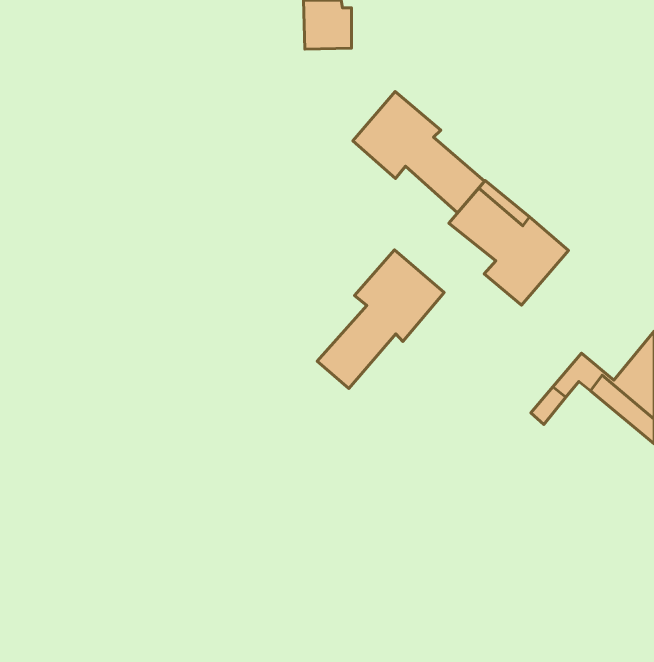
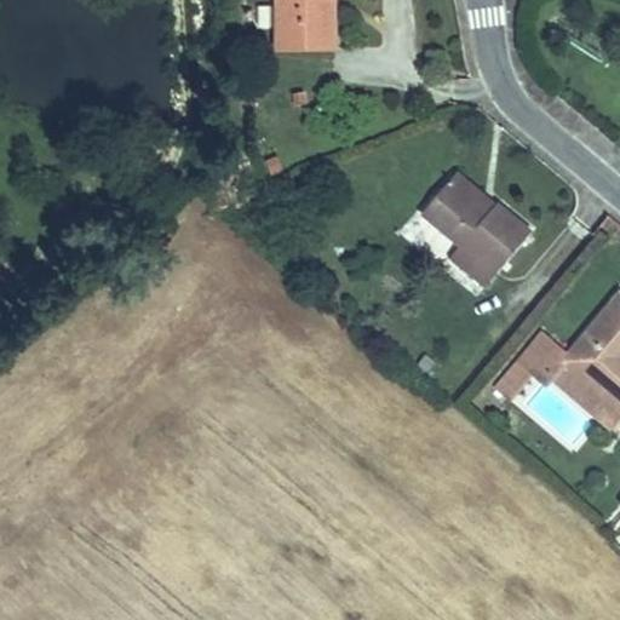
building: [353,91,485,213] -> none
building: [317,250,444,389] -> none

